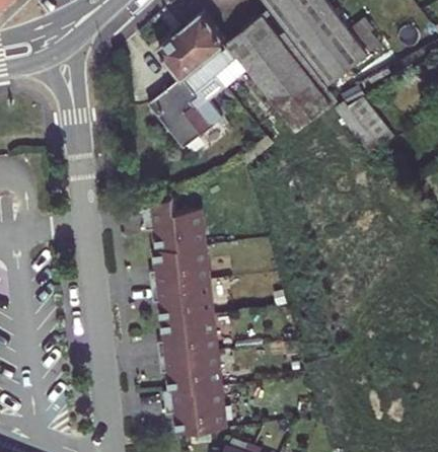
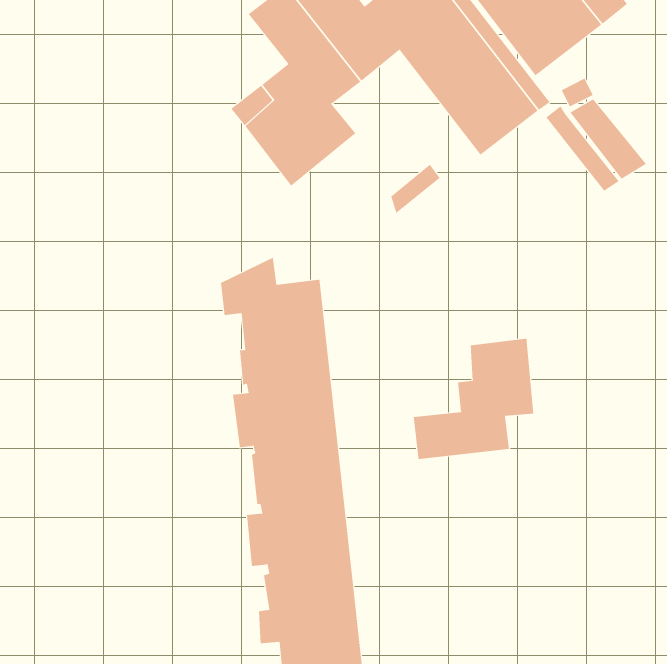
building: none -> [413,338,534,460]

